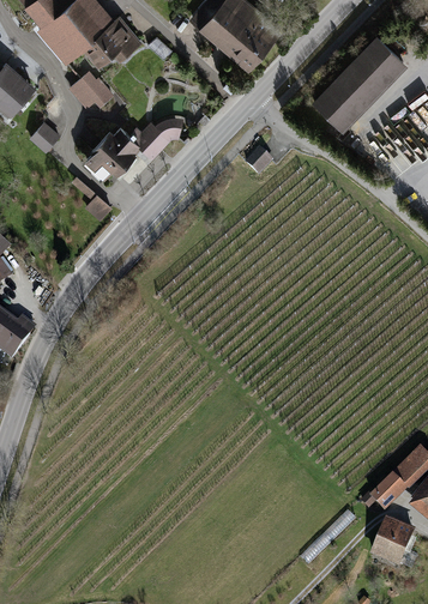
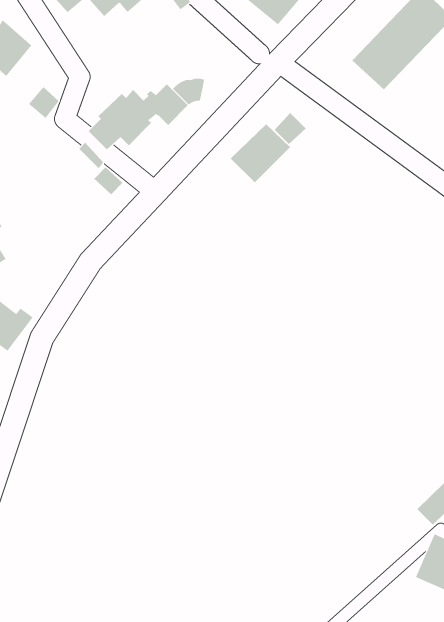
building: [68,71,113,107] -> none
building: none -> [230,124,291,183]

